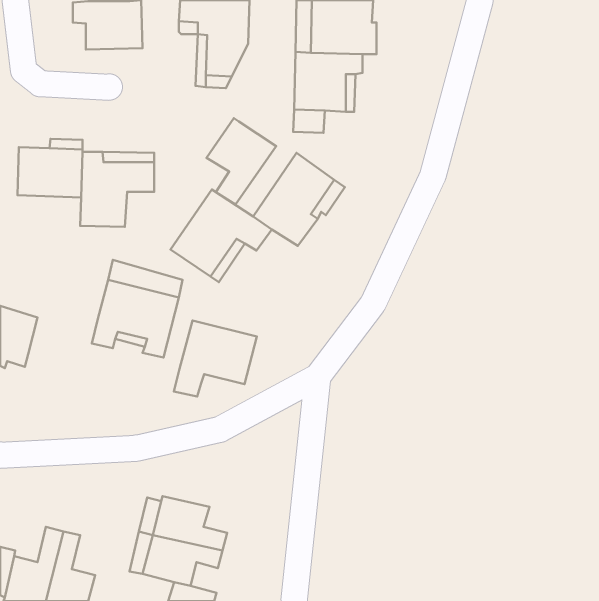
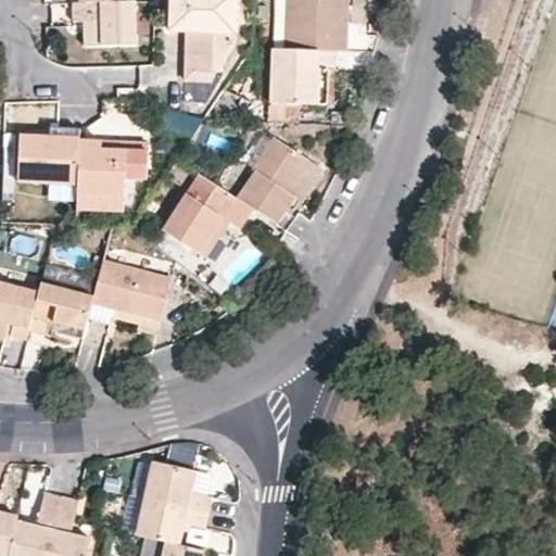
building: [206,118,276,205] -> none
building: none -> [28,280,92,337]
building: [174,320,257,397] -> none

